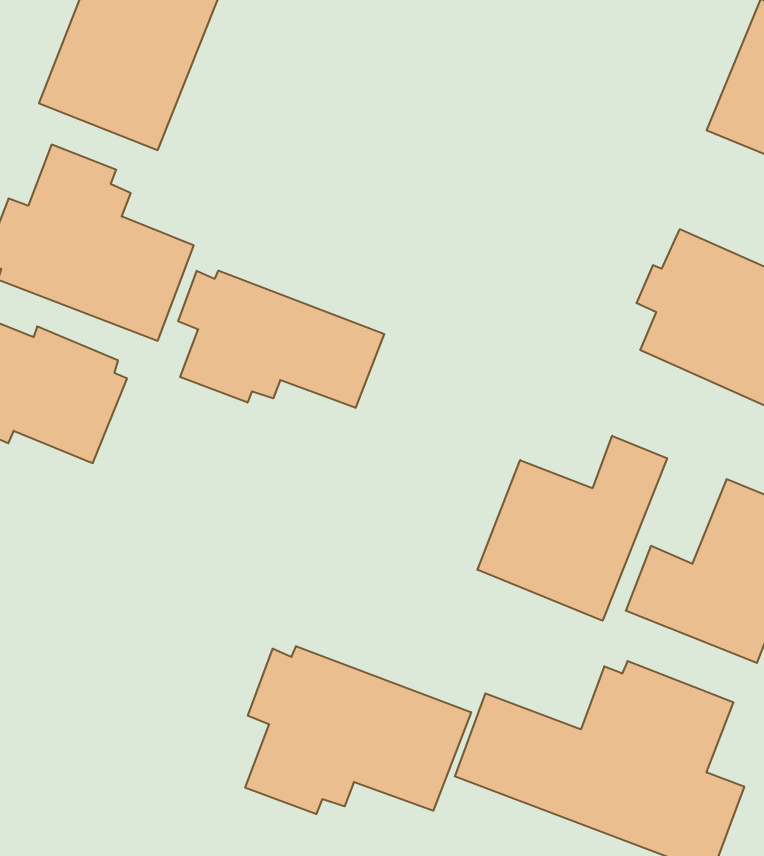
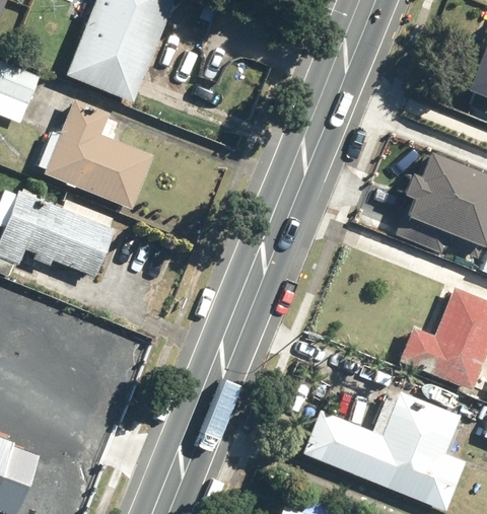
building: [178,271,384,408] -> none
building: [477,436,667,621] -> none
building: [245,646,471,814] -> none

